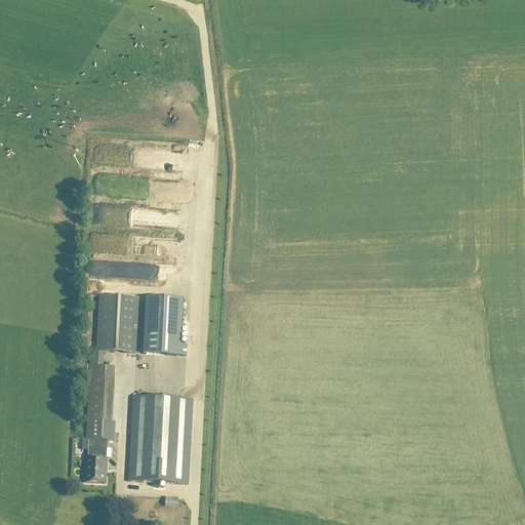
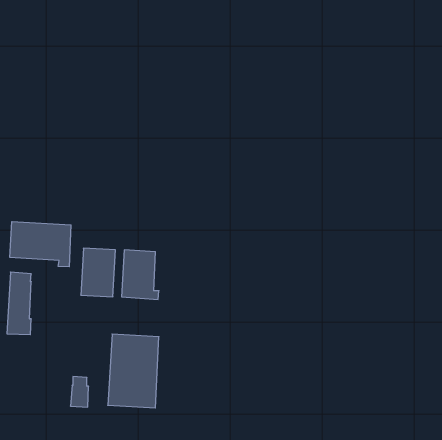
building: none -> [10,222,71,267]
building: [84,364,113,438] -> [7,272,31,335]

